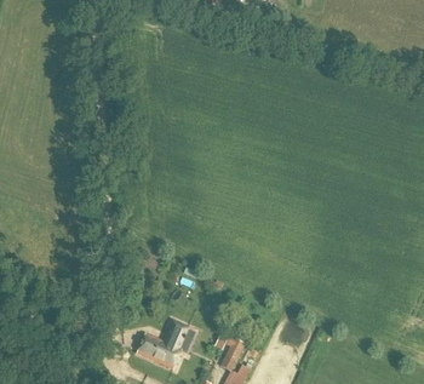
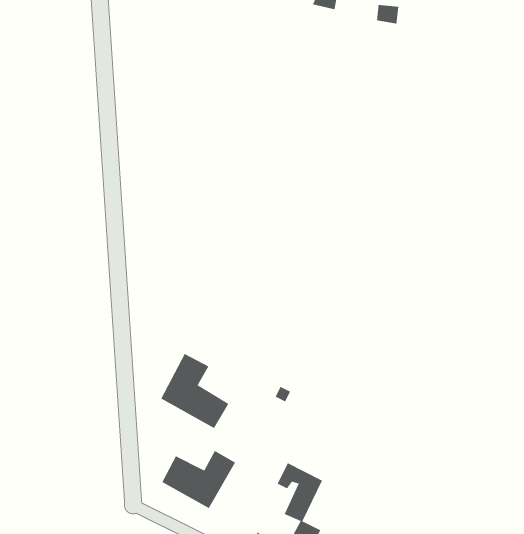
building: none -> [160,353,229,429]

